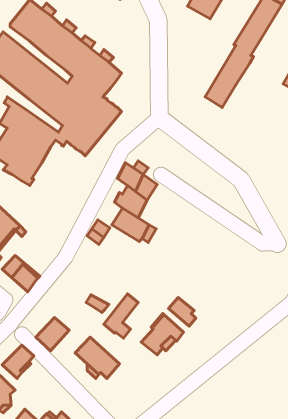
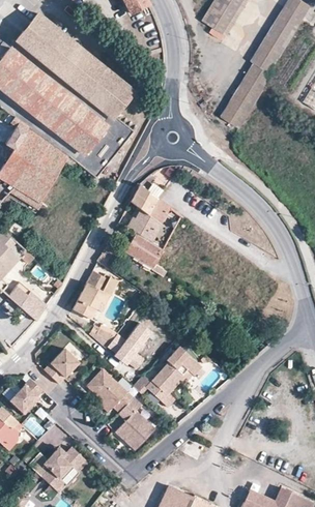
building: none -> [71,270,118,319]
building: [168,298,196,326] -> [144,374,173,404]
building: none -> [115,396,153,448]

